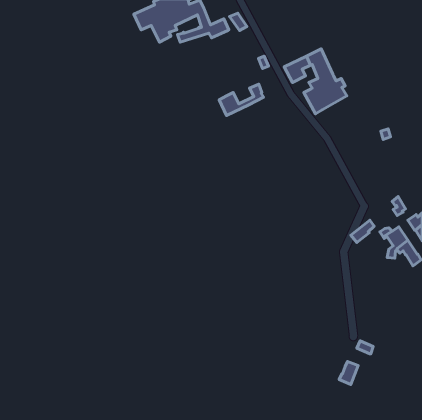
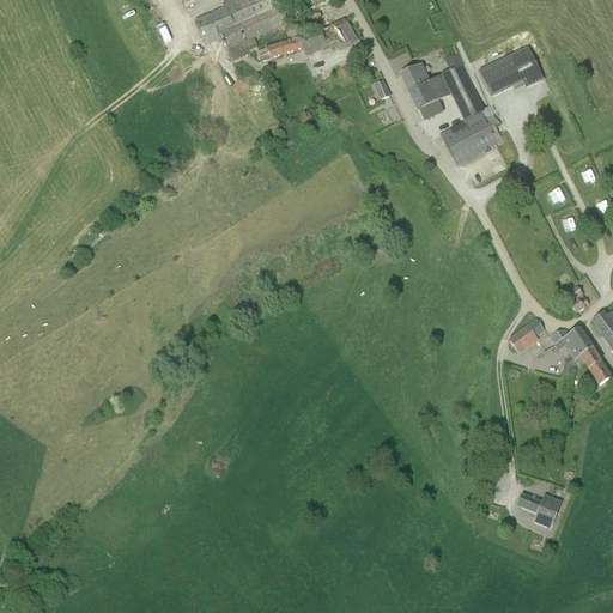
building: none -> [479,45,539,96]
building: [219,84,264,115] -> [401,51,466,97]
building: [339,361,358,385] -> [533,496,560,529]

